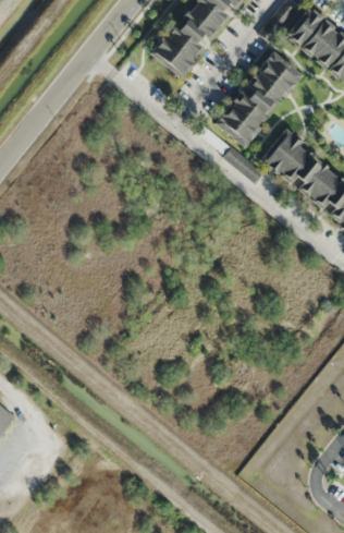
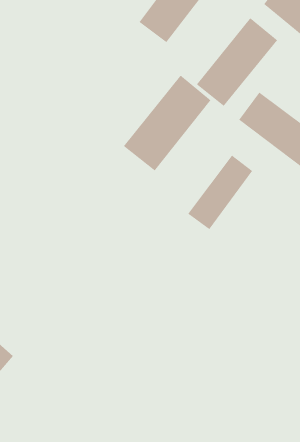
building: none -> [123,74,212,172]
building: none -> [187,154,253,230]

